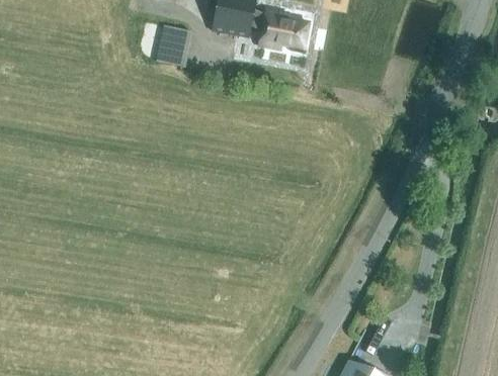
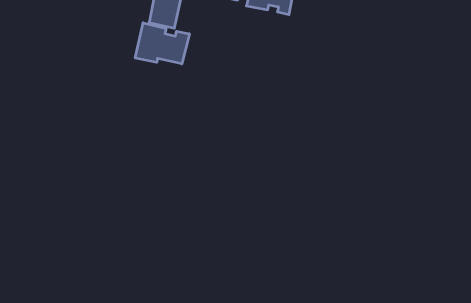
building: none -> [135,23,189,64]

